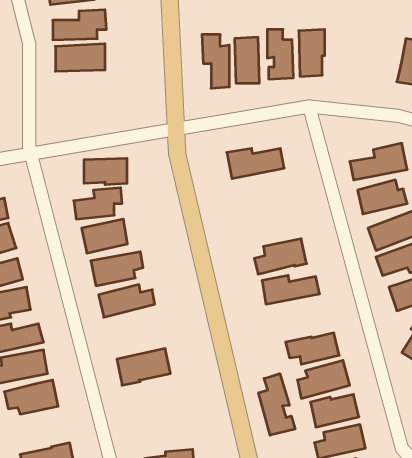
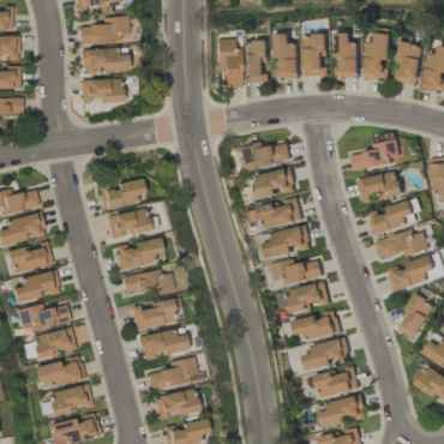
building: none -> [365,29,391,80]
building: none -> [335,35,359,79]
building: [84,158,127,185] -> [79,79,119,103]
building: none -> [248,170,295,200]
building: none -> [244,199,302,229]
building: none -> [284,283,330,314]
building: none -> [130,300,175,331]
building: [259,374,295,435] -> none
building: none -> [145,356,198,391]
building: none -> [47,384,91,415]
building: none -> [154,390,198,419]

